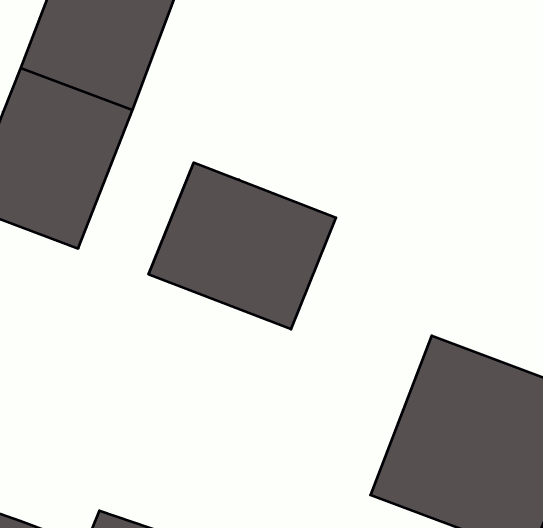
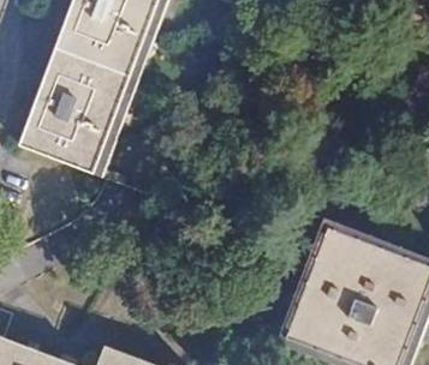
building: [149,163,336,329] -> none

